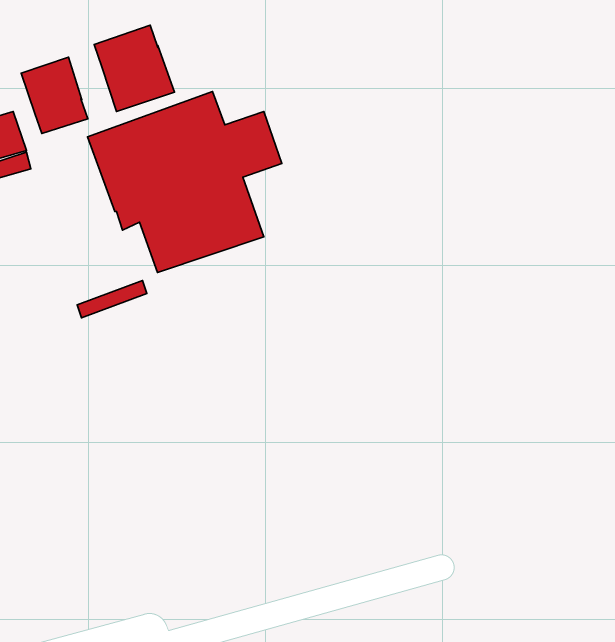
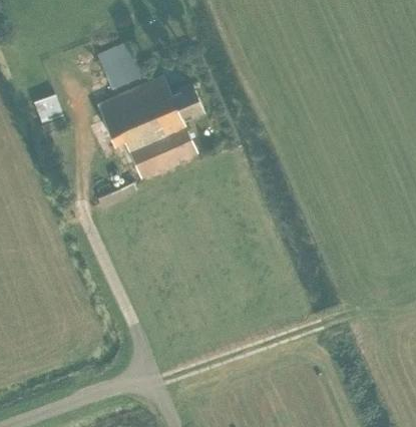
building: [21,57,88,134] -> none

